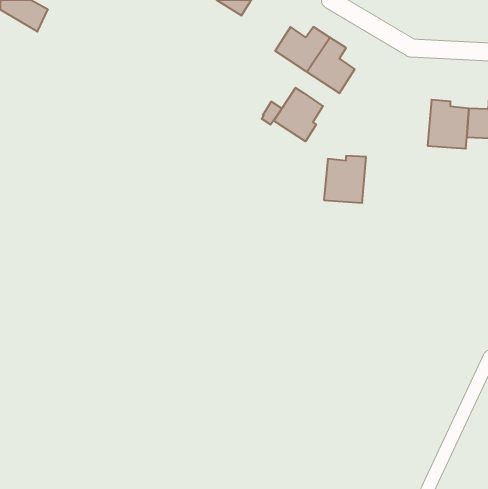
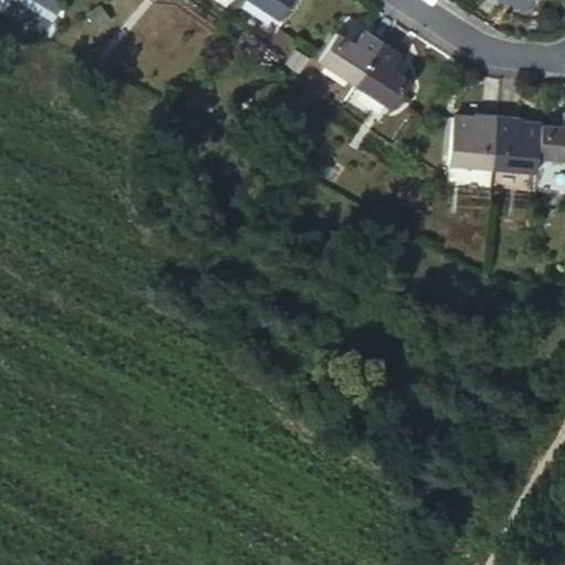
building: [274,88,323,141] -> none
building: [324,156,366,203] -> [450,115,499,169]

